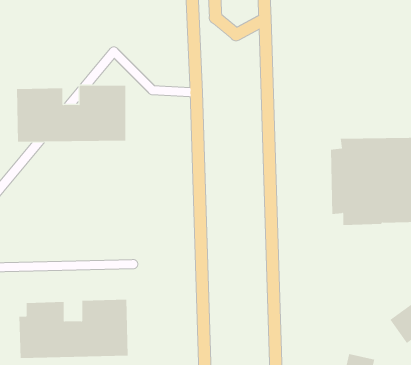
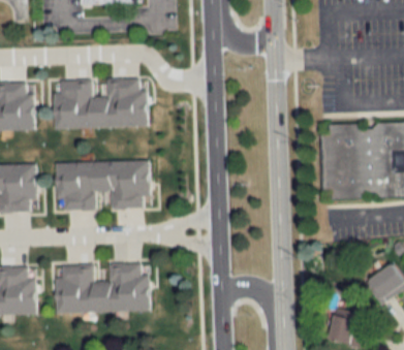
building: none -> [56,160,150,209]

